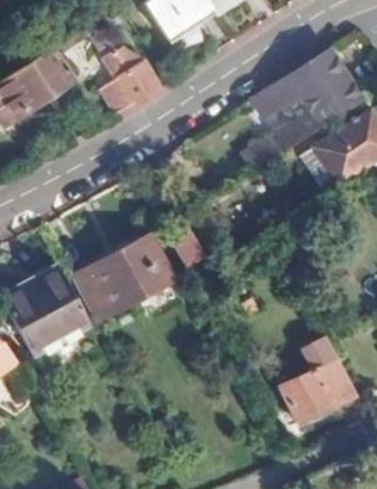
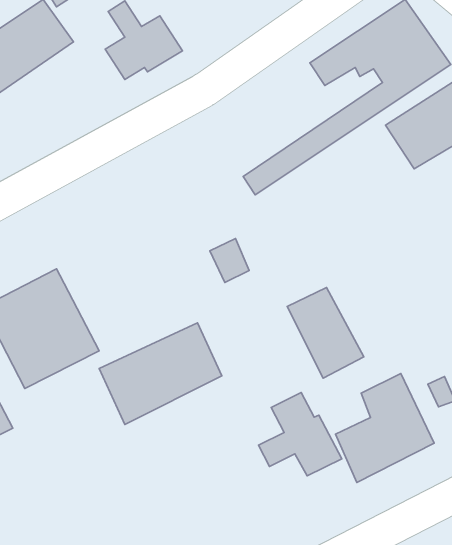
building: [81,237,178,317] -> [99,323,222,424]
building: none -> [287,287,364,378]
building: none -> [258,393,342,476]

